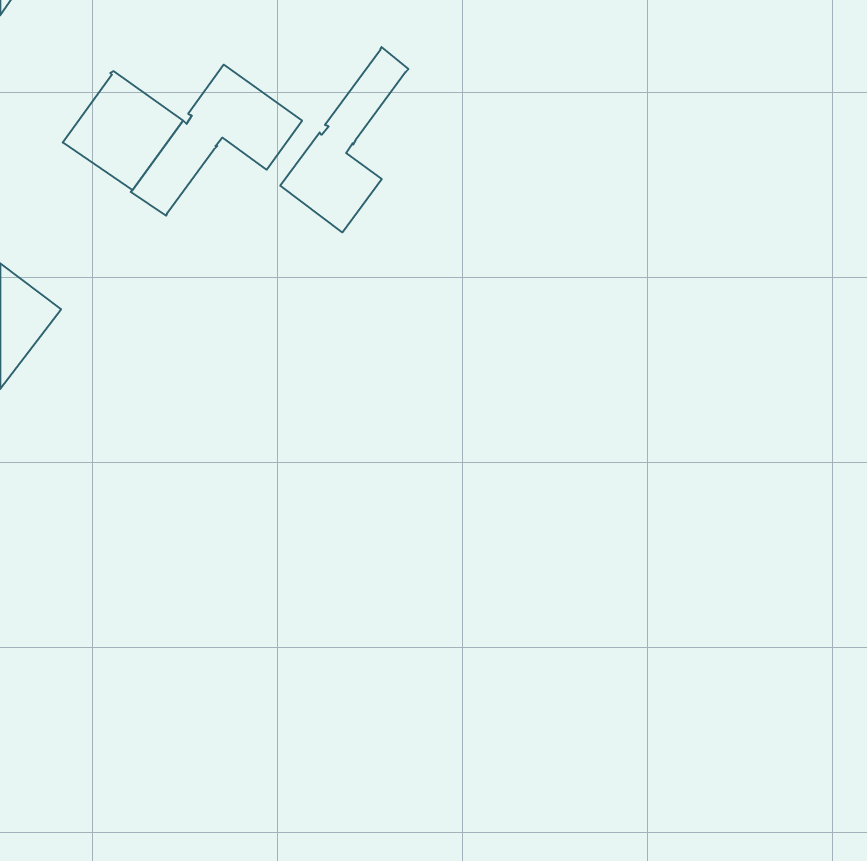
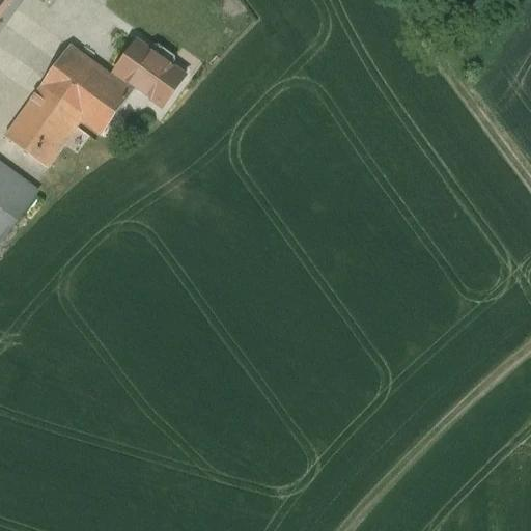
building: [280,47,408,232] -> none
building: none -> [5,87,81,165]

